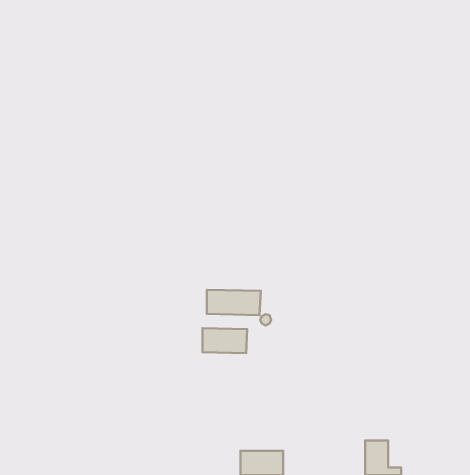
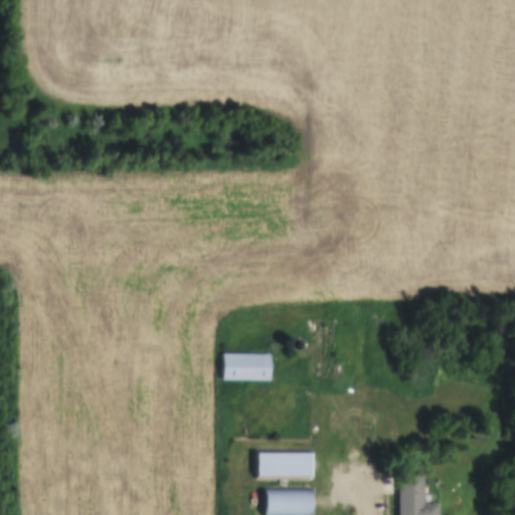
building: [207,290,261,315] -> none
building: none -> [259,450,312,481]

